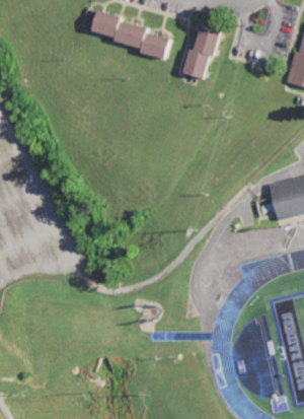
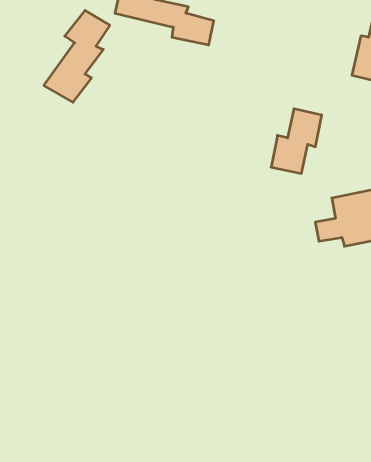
building: [181,27,222,79] -> [271,109,322,173]
building: none -> [44,10,110,102]

